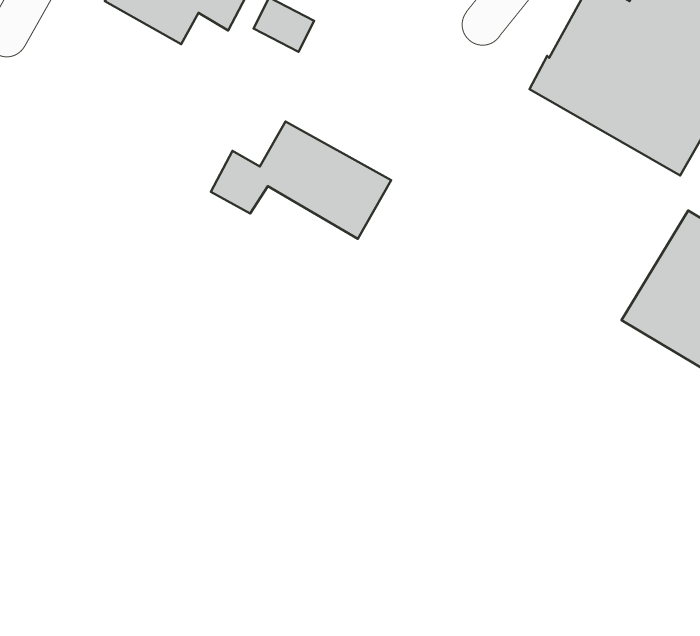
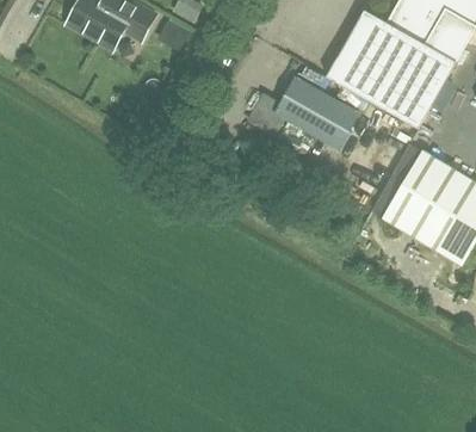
building: [211,121,391,239] -> [249,76,359,148]

